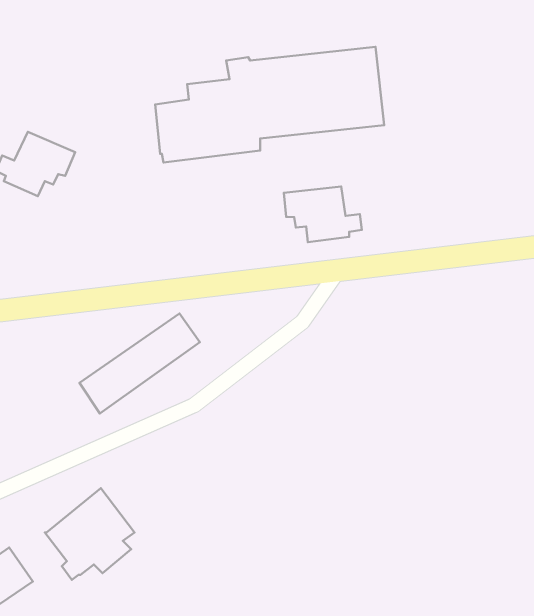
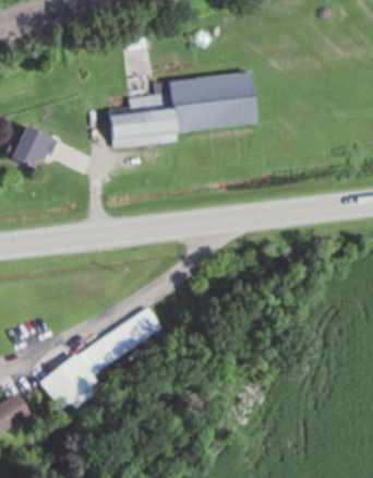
building: [284,187,362,242] -> none
building: [79,313,200,414] -> [84,308,161,372]

